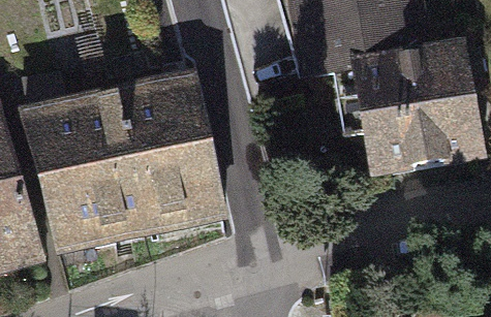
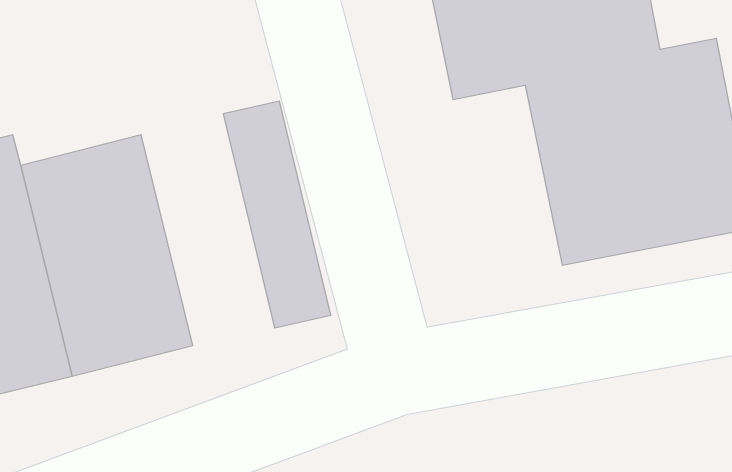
building: [97,83,183,231] -> none

